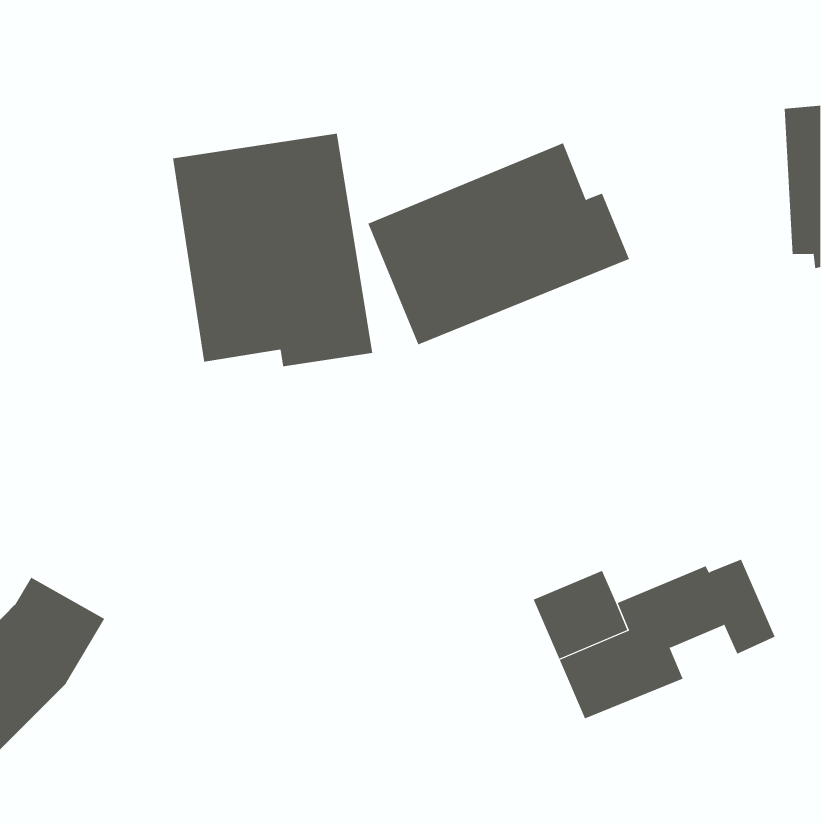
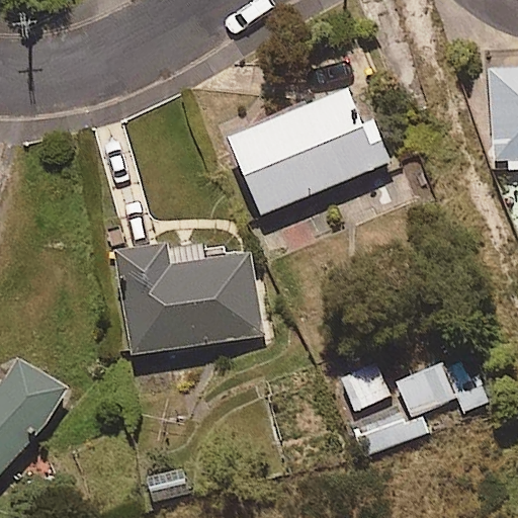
building: [173,133,373,367] -> none
building: none -> [115,246,264,354]

